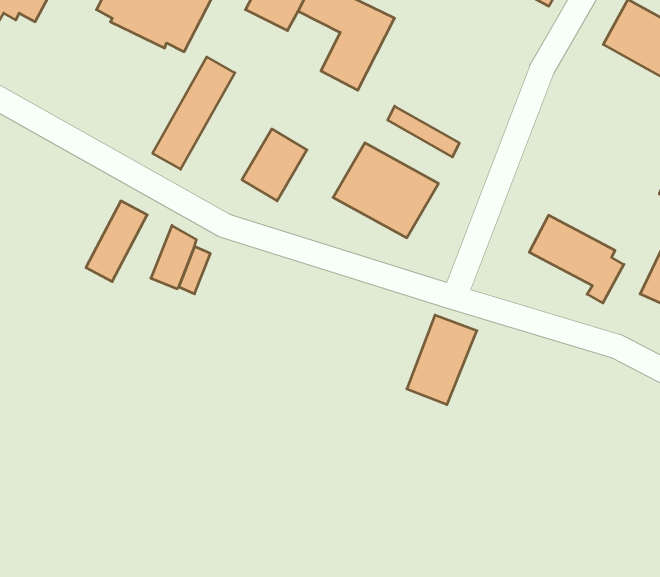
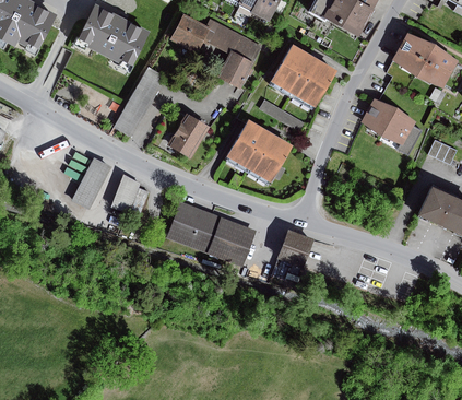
building: none -> [269,45,333,106]
building: [529,215,624,303] -> [362,99,420,154]
building: none -> [167,201,256,266]

